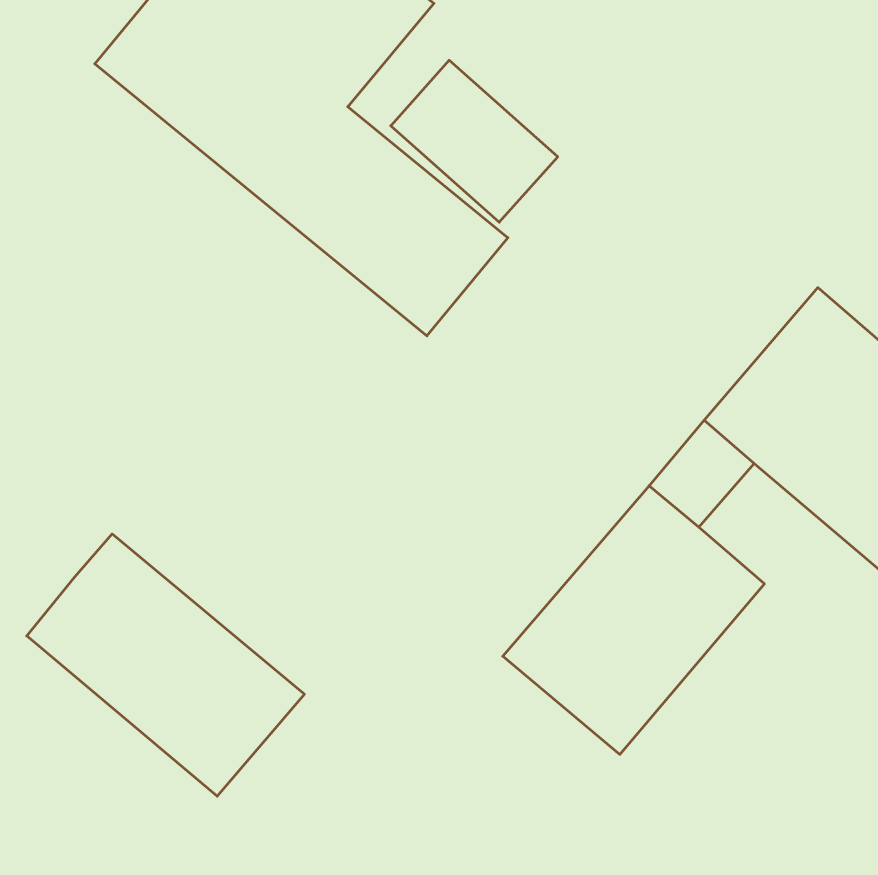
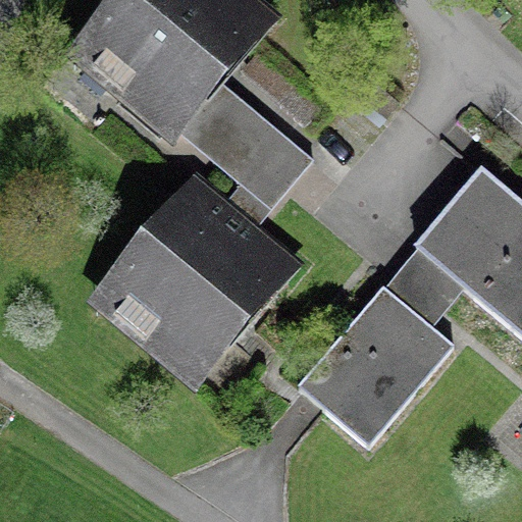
building: none -> [106,193,284,374]
building: [27,534,304,796] -> none

